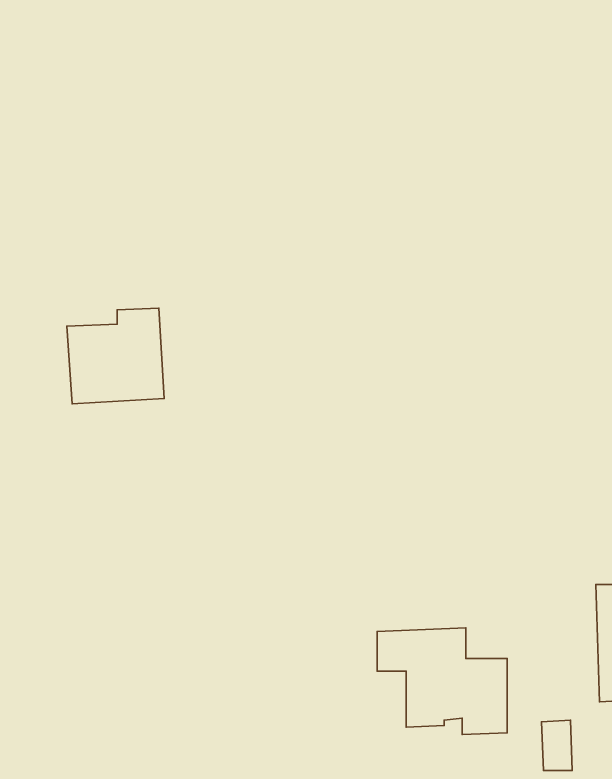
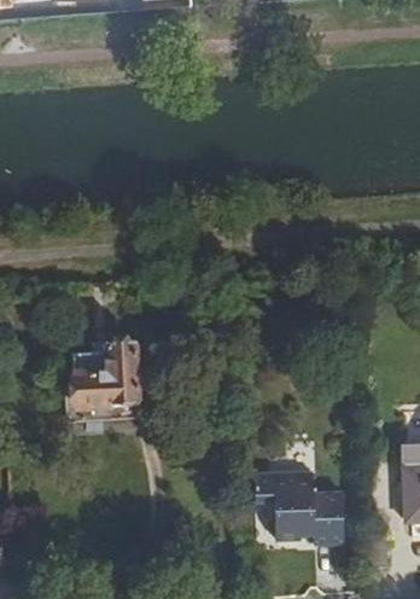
building: [67,308,164,404] -> [72,345,138,409]

